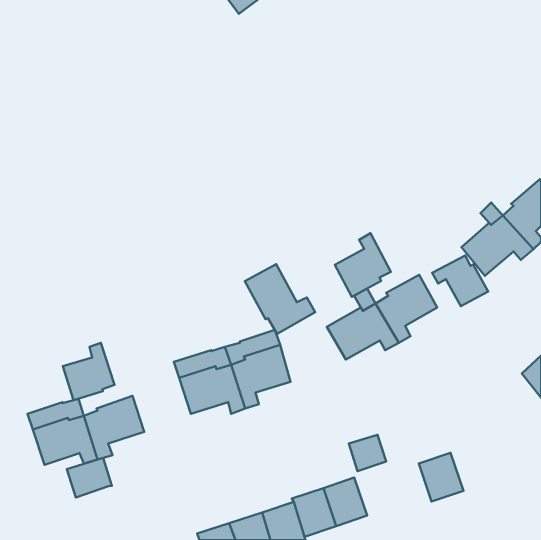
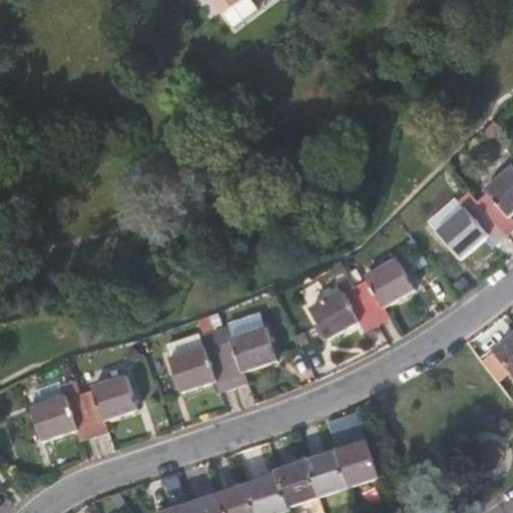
building: [335,233,391,297] -> none
building: [432,256,488,306] -> none
building: [245,264,315,334] -> none
building: [63,343,114,400] -> none
building: [419,453,463,502] -> [335,441,377,487]
building: [67,458,112,497] -> none

